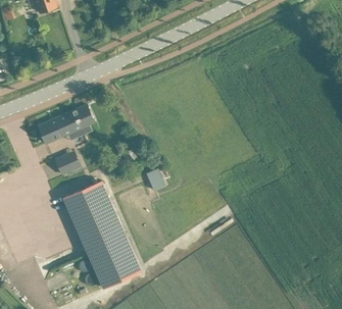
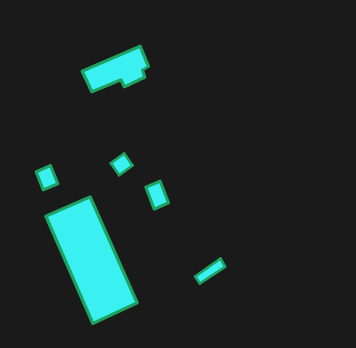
building: [38,104,94,143] -> [82,46,148,92]

